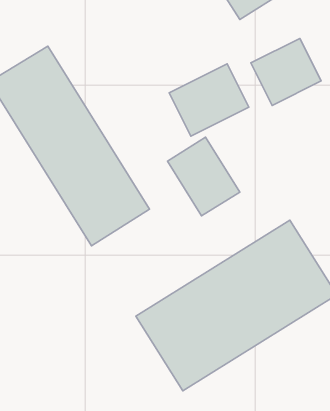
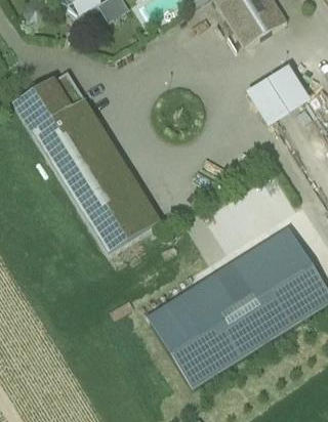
building: [169,64,249,136] -> none
building: [167,137,240,216] -> none

